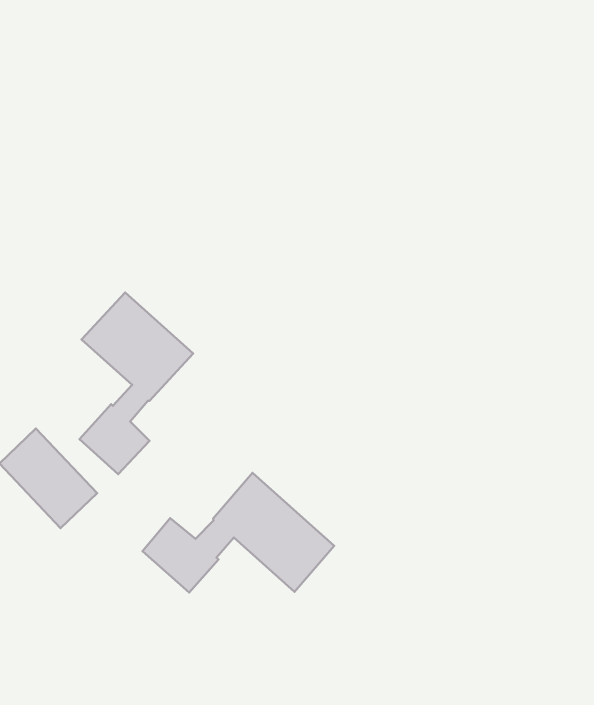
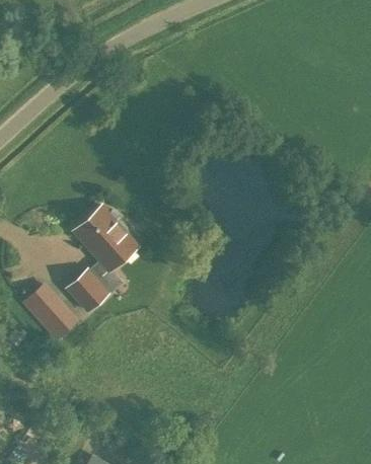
building: [143,473,334,593] -> none

